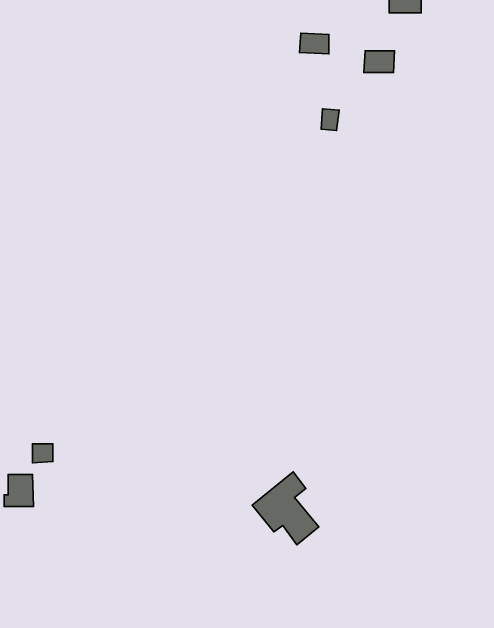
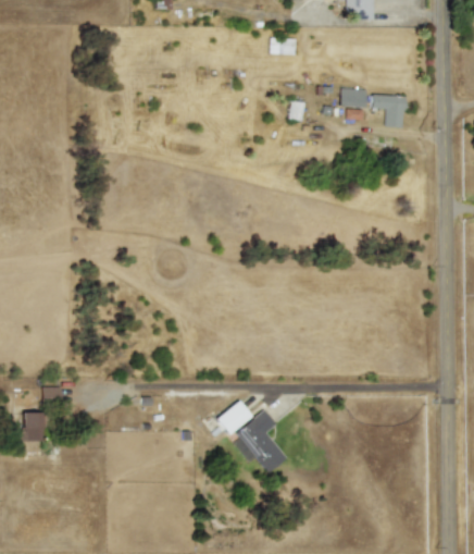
building: [364,51,395,73] -> [340,88,366,107]
building: none -> [372,95,404,127]
building: none -> [216,399,251,434]

